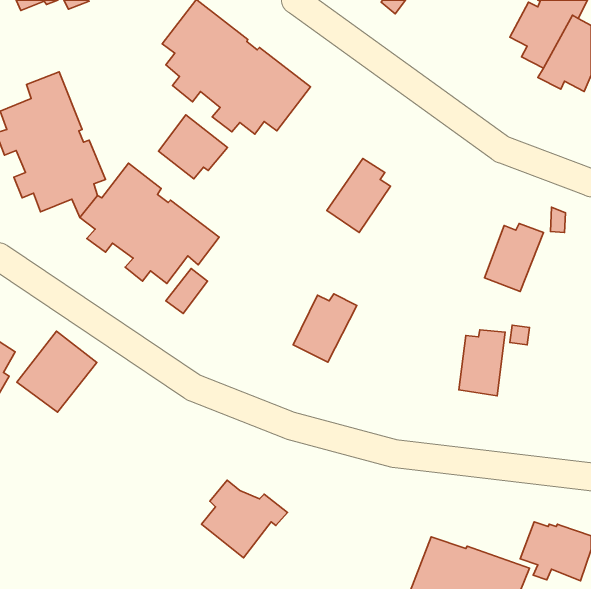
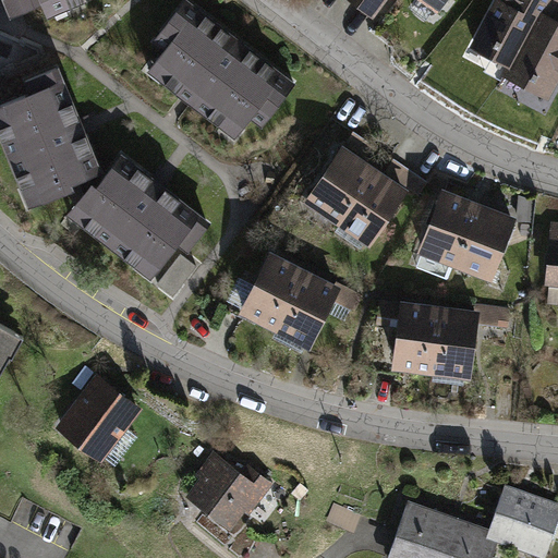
building: [158,115,227,179] -> none
building: none -> [338,178,402,242]
building: none -> [421,185,474,264]
building: none -> [243,257,299,327]
building: none -> [395,306,438,369]
building: [17,331,97,412] -> [61,380,136,457]

